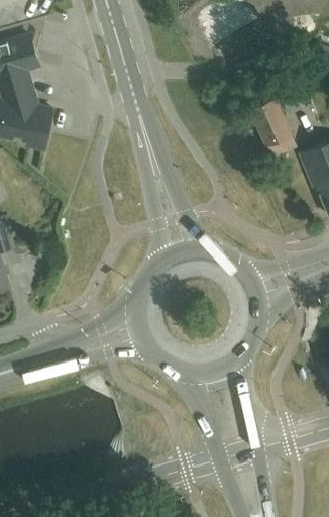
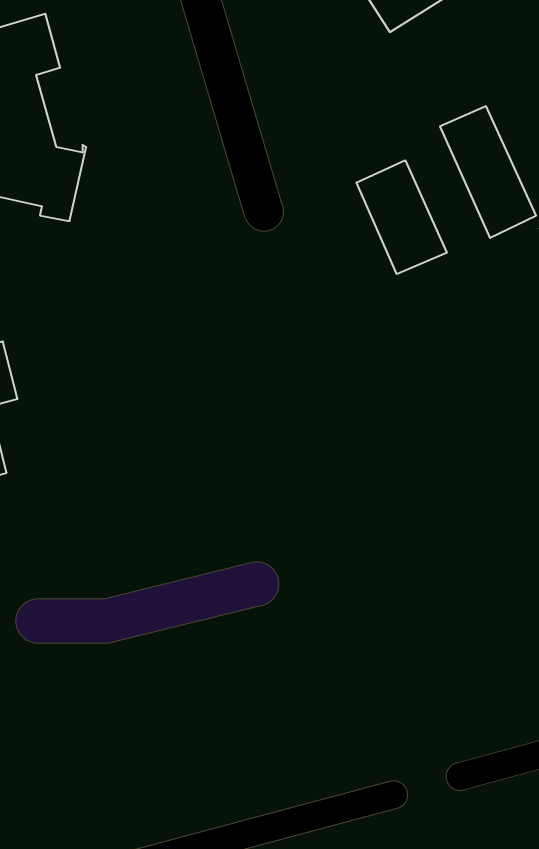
building: none -> [357,160,447,274]

